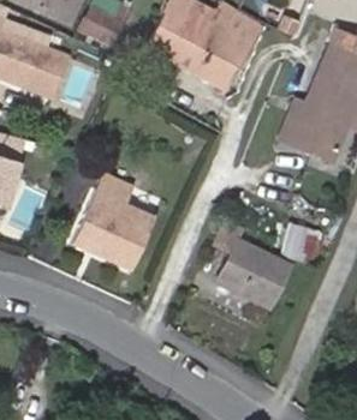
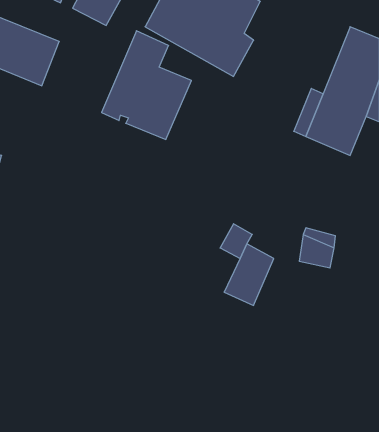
building: [75,169,155,266] -> [102,31,191,139]
building: [243,253,288,307] -> none

